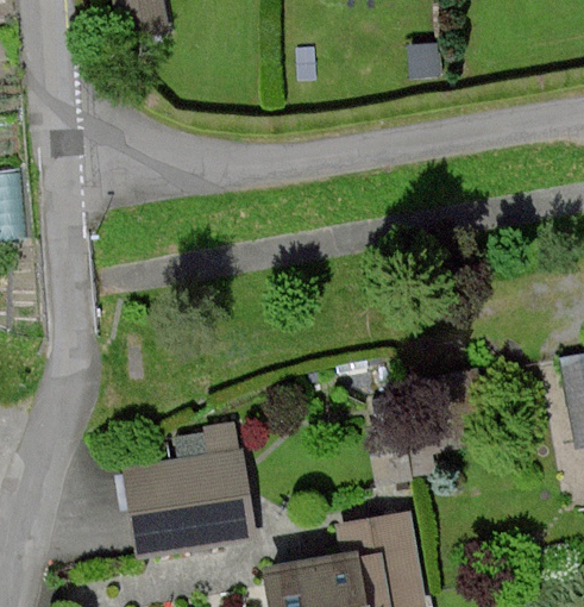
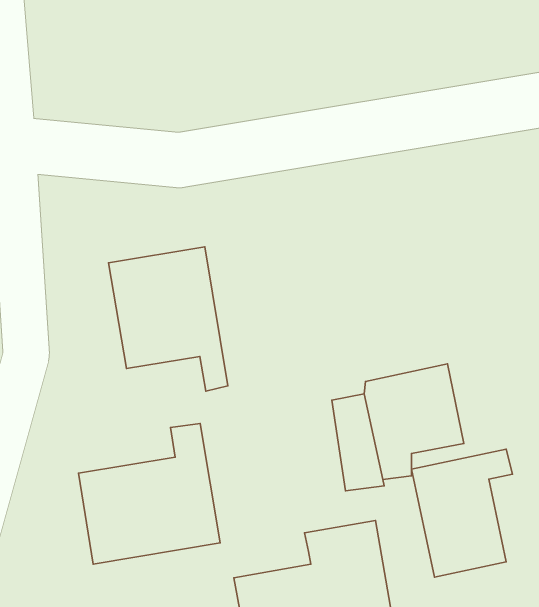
building: none -> [109,247,228,391]
building: none -> [412,449,512,577]

